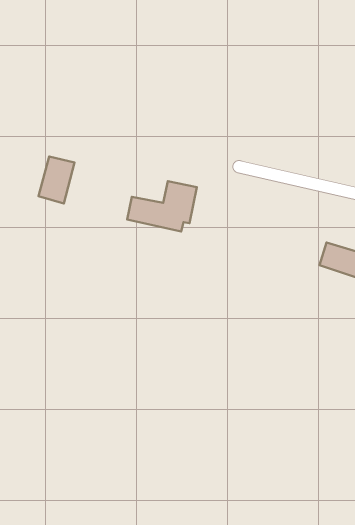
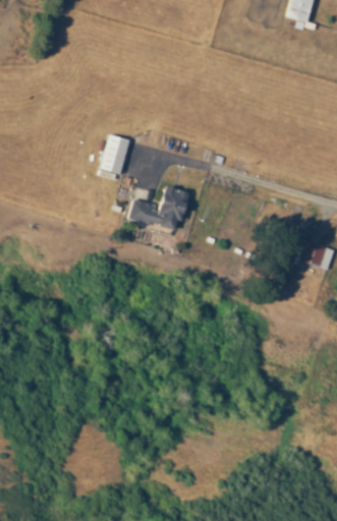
building: [38,157,75,203] -> [99,134,129,174]

